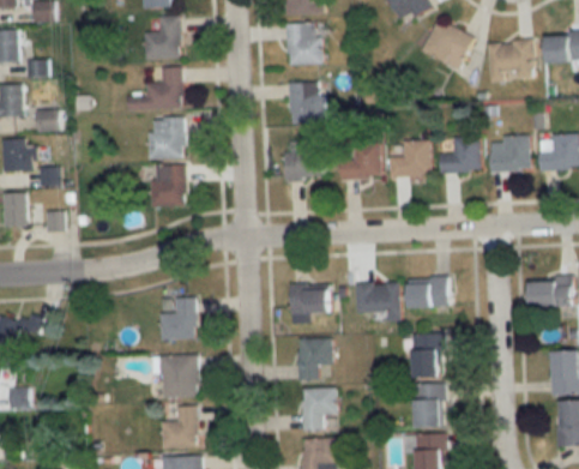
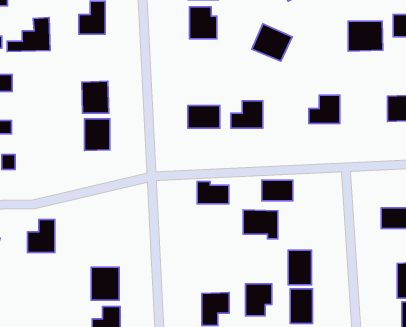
building: [422,19,474,67] -> [252,24,292,61]
building: [127,66,182,109] -> [7,18,50,51]
building: [289,82,324,122] -> none
building: [489,138,529,172] -> none
building: [388,139,430,175] -> none
building: [409,281,448,307] -> [262,180,293,201]
building: [290,283,331,312] -> [197,181,229,204]
building: [161,296,195,338] -> [28,220,55,253]
building: [298,338,332,379] -> [246,284,272,316]

